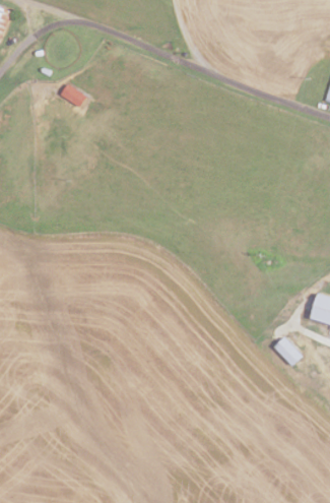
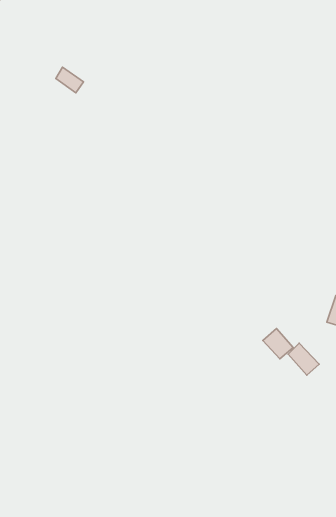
building: none -> [263,328,293,359]

